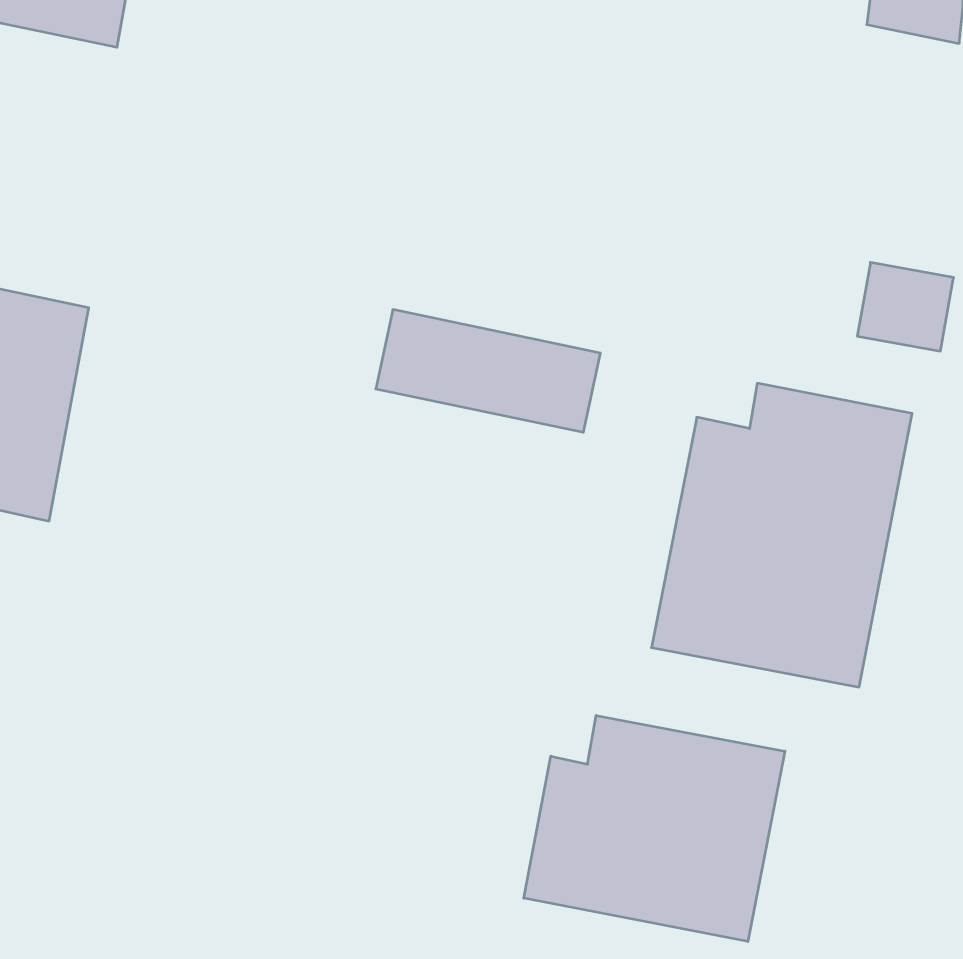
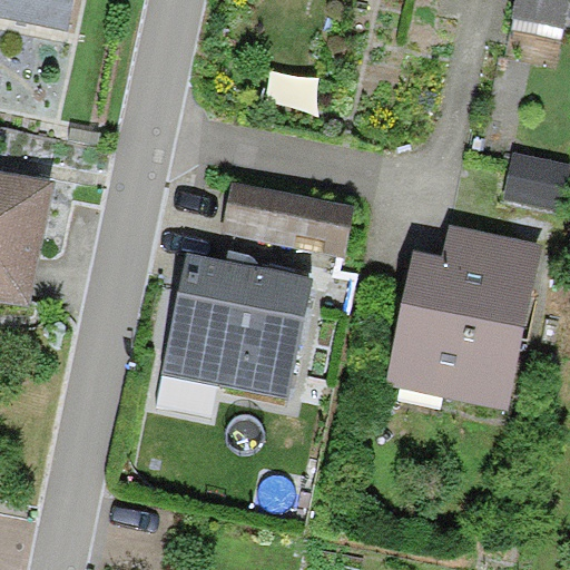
building: none -> [166,257,312,400]
building: [524,715,785,942] -> none

